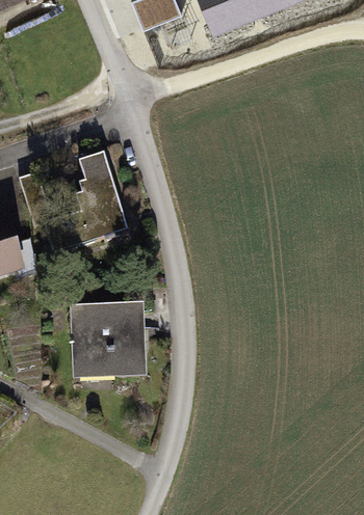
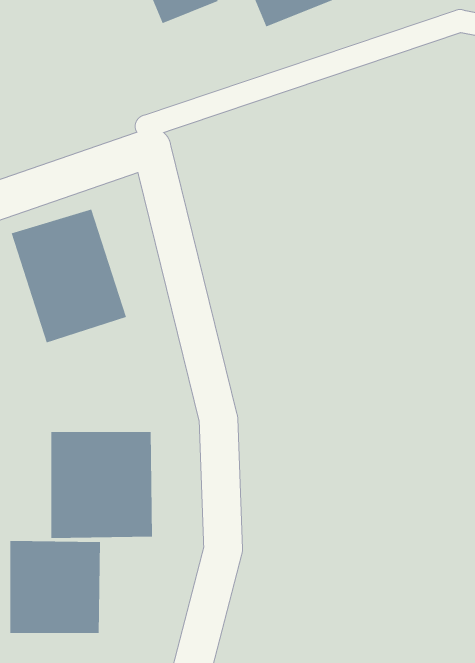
building: none -> [10,540,101,634]

